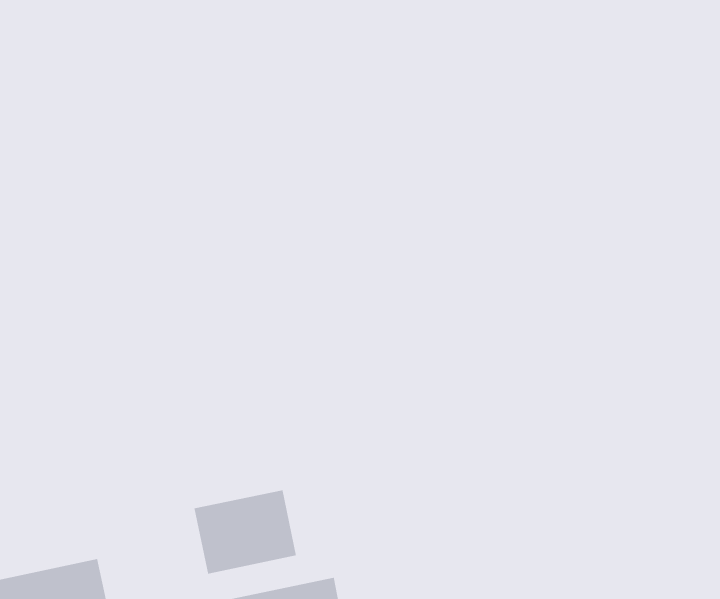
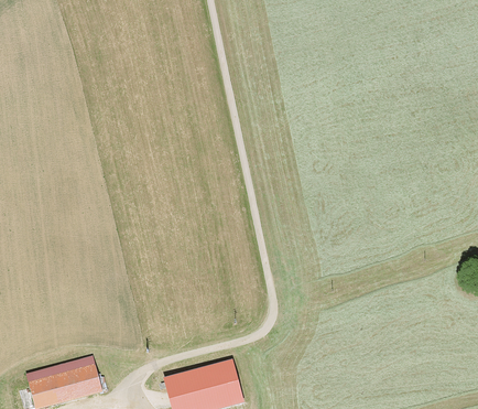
building: [194,489,296,575] -> none

